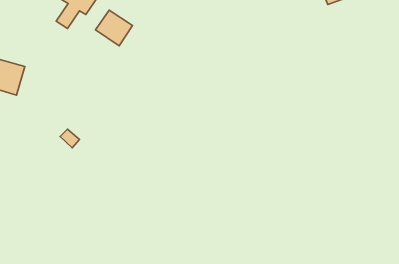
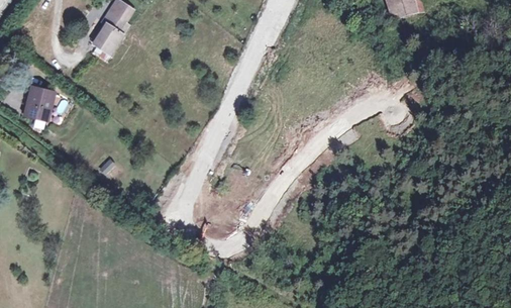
building: [95,10,132,46] -> none

